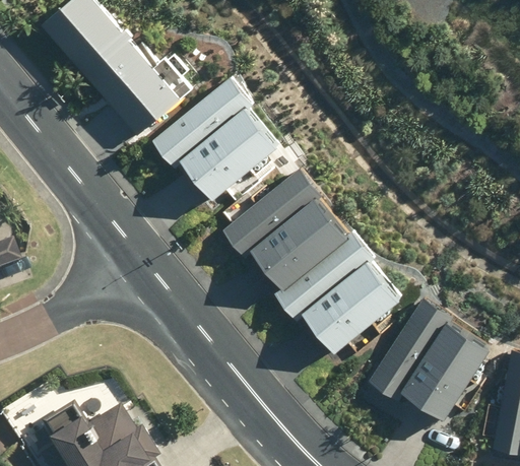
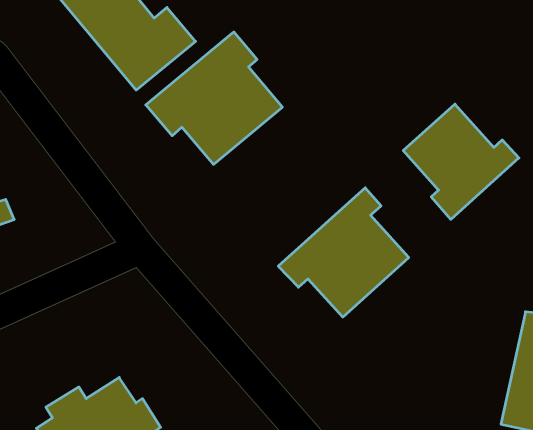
building: none -> [403,104,519,219]
building: [210,158,345,290] -> none
building: [365,292,496,420] -> none

